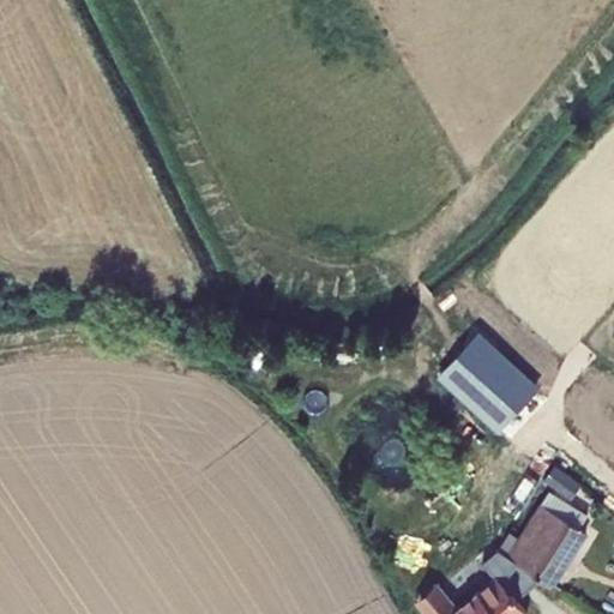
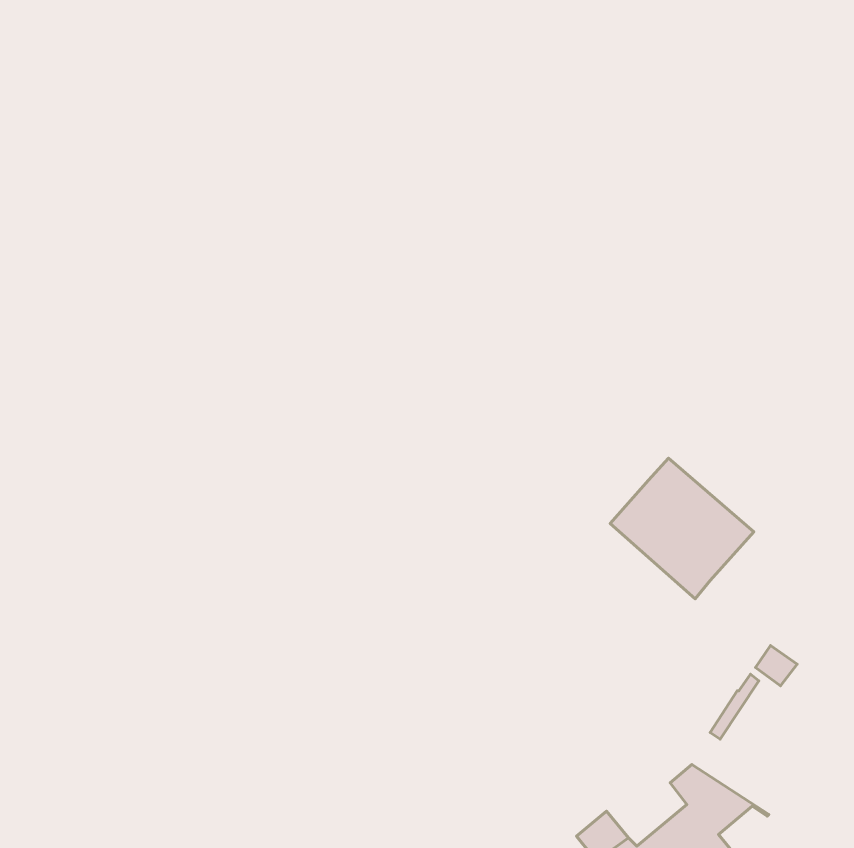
building: [496,493,588,589] -> none

